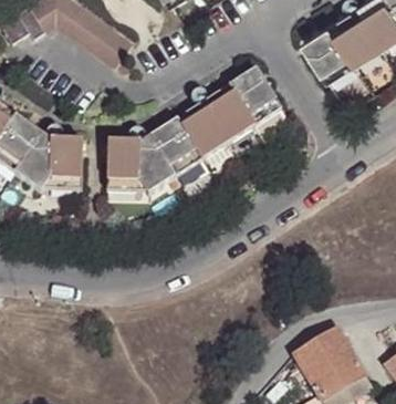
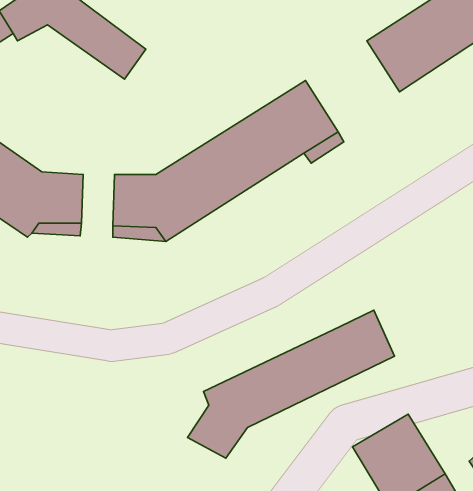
building: none -> [187,310,394,458]

